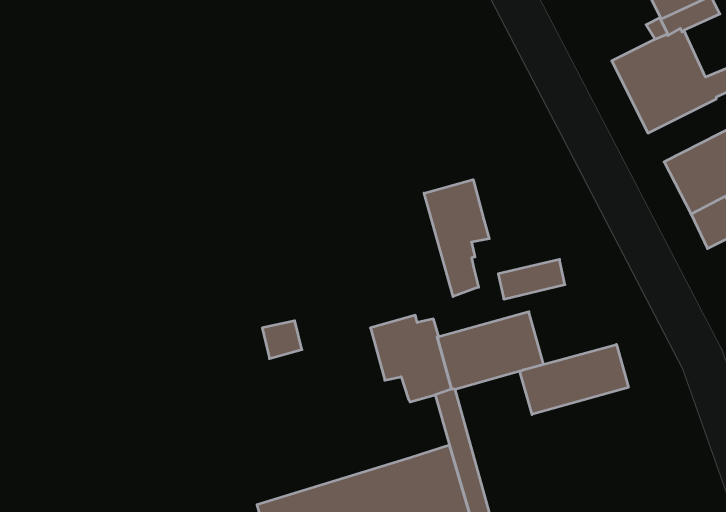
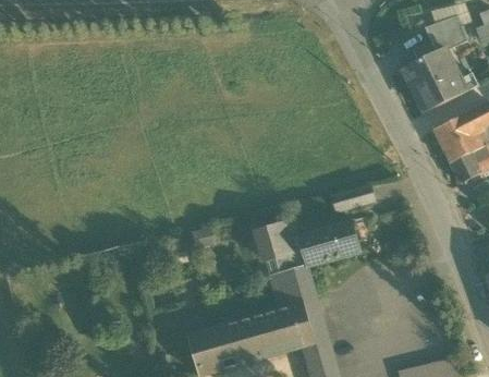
building: [424,180,489,297] -> none
building: [520,344,628,415] -> none
building: none -> [270,269,304,307]

